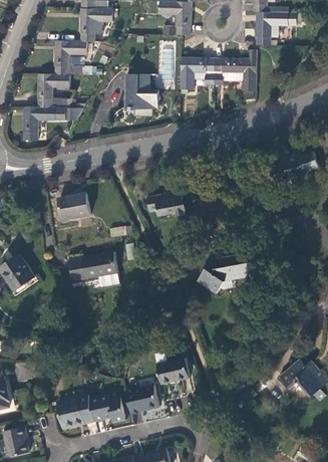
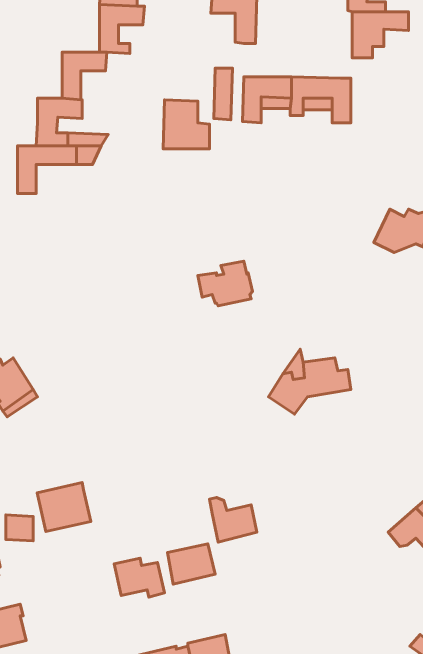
building: [62,197,92,220] -> none
building: [68,254,120,290] -> none
building: [58,393,95,427] -> [37,483,91,532]

